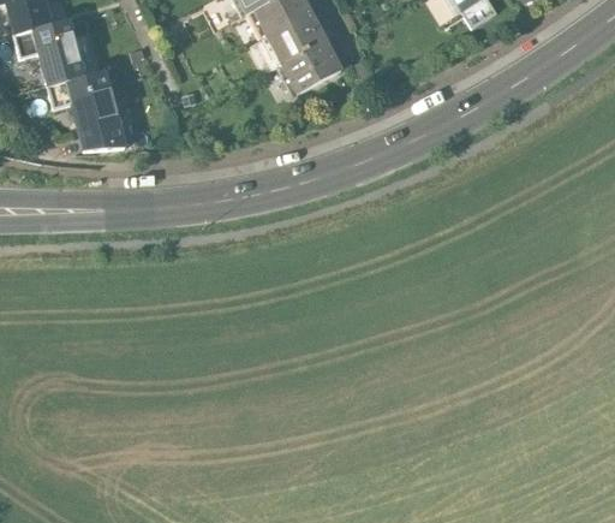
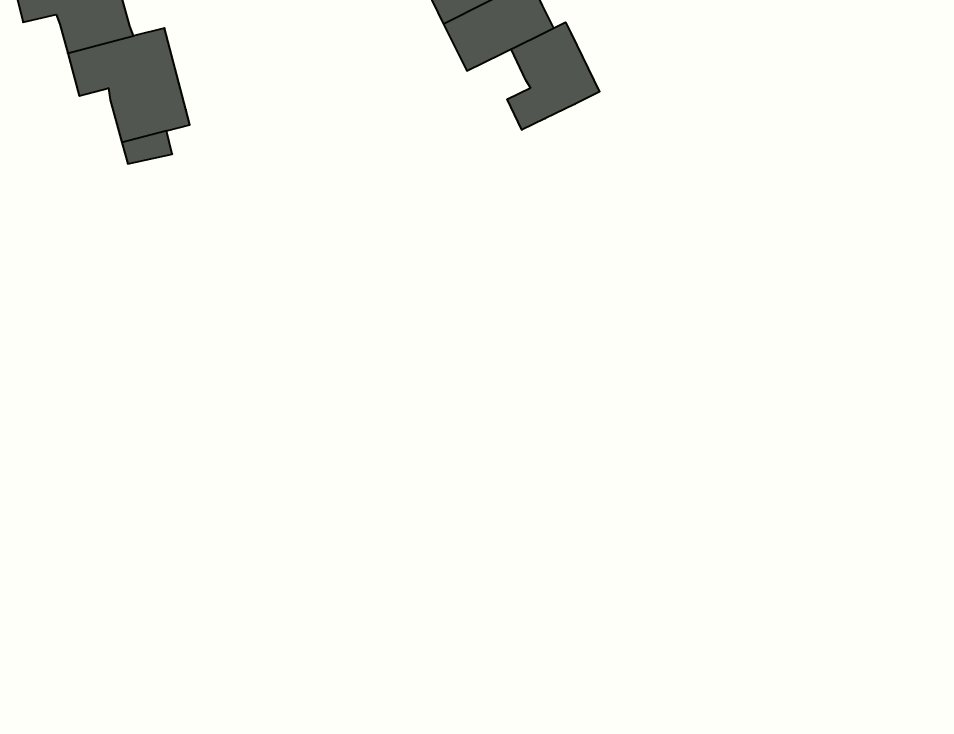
building: none -> [507,22,600,130]

